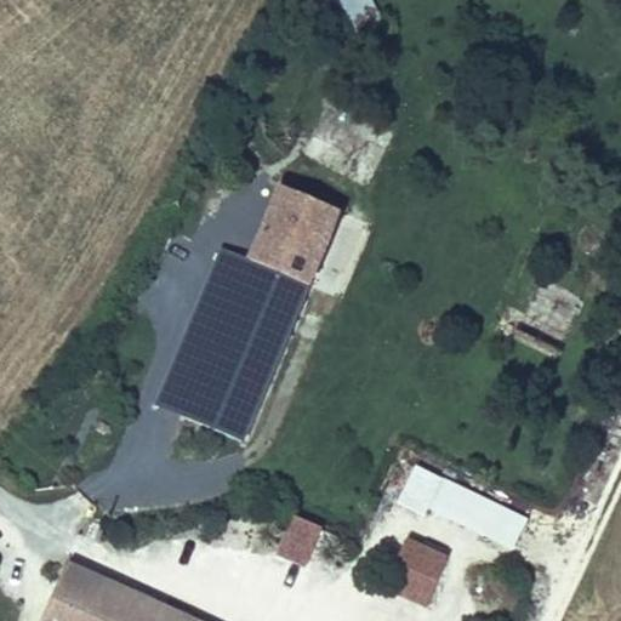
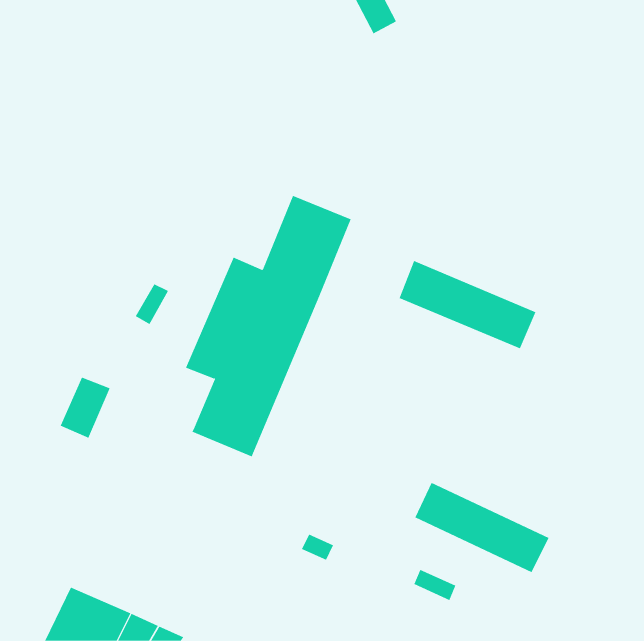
building: none -> [399,260,536,349]
building: [158,354,206,414] -> [60,377,110,438]

